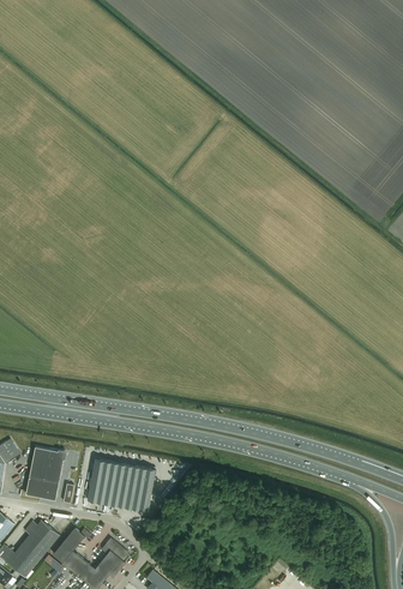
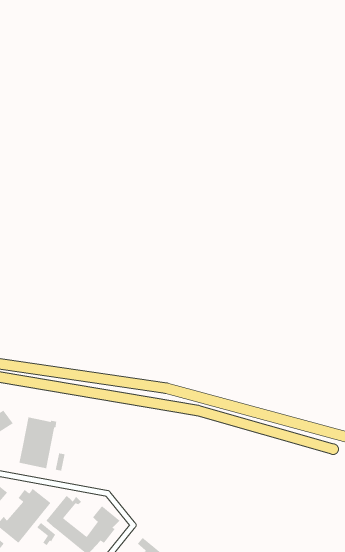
building: [86,458,155,511] -> none

